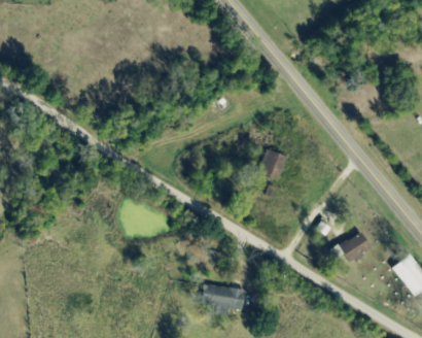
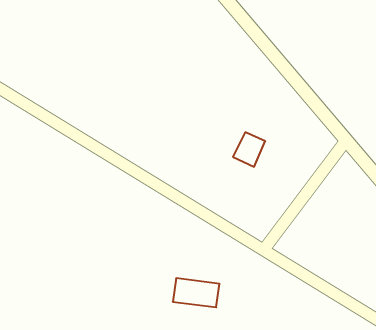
building: [339,232,372,264] -> none

